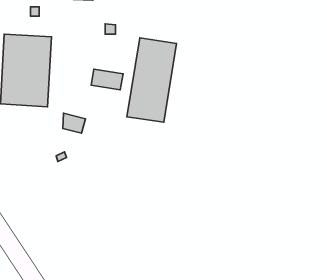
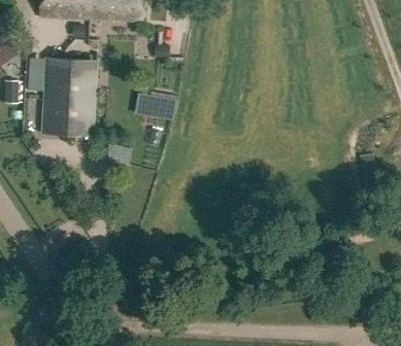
building: [127,38,177,122] -> none

